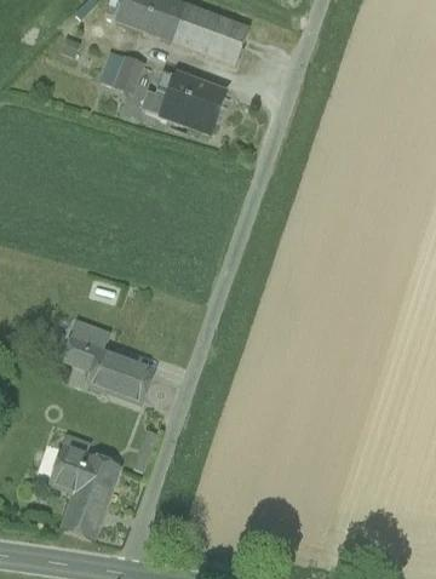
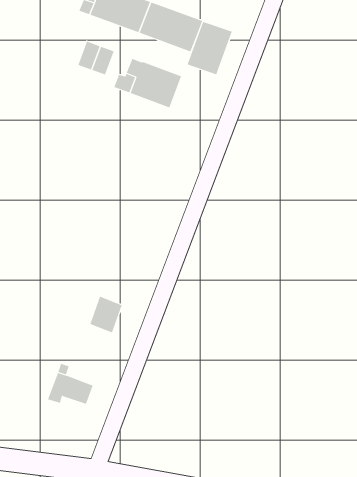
building: none -> [187,21,232,75]
building: [63,320,124,391] -> none
building: [62,478,109,537] -> none

